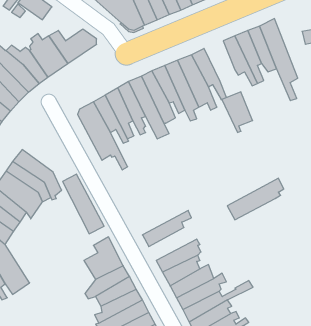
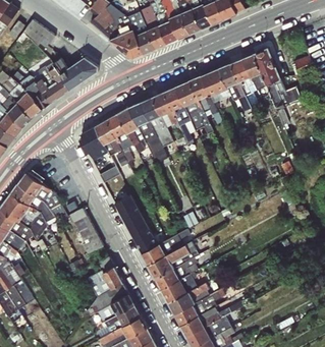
building: [222,92,253,132] -> [200,69,229,108]
building: none -> [115,193,156,250]
building: [227,178,284,220] -> [147,239,201,279]

